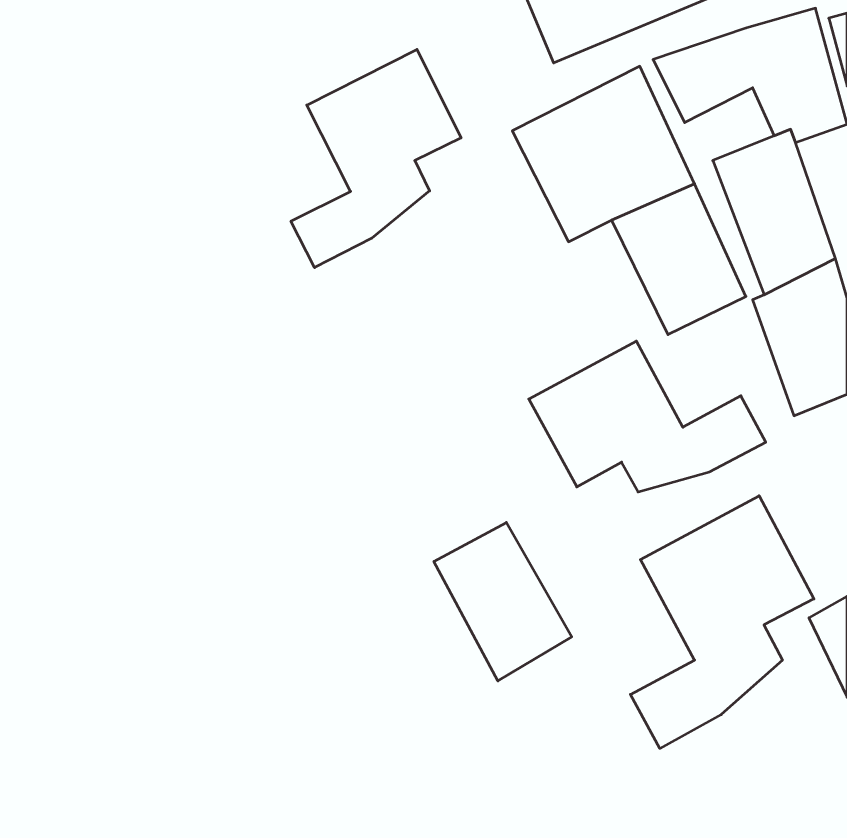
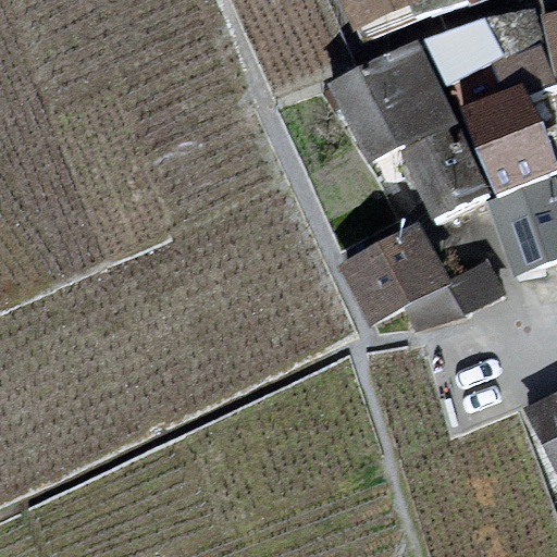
building: [291,49,461,268] -> none
building: [630,496,814,748] -> none
building: [434,522,572,681] -> none

